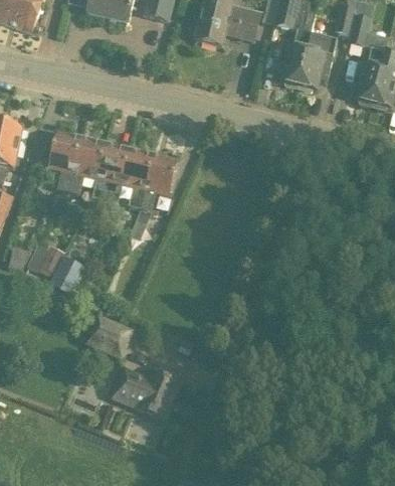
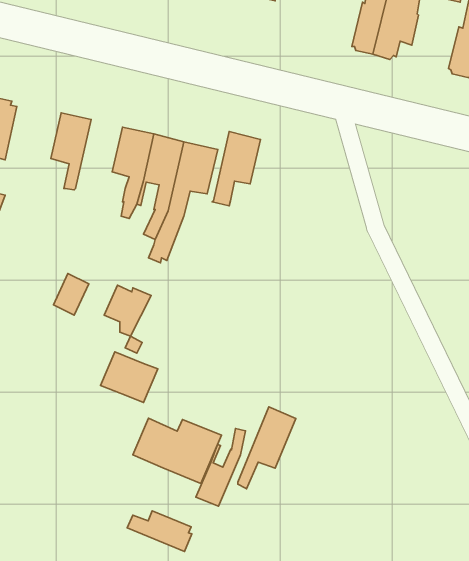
building: [67,137,105,194] -> [212,132,260,206]
building: [28,242,64,282] -> [104,285,151,336]
building: none -> [238,407,296,489]
building: none -> [196,429,246,506]
building: none -> [127,511,192,551]

